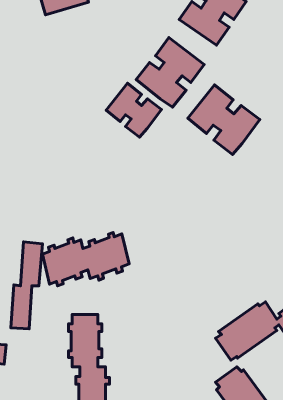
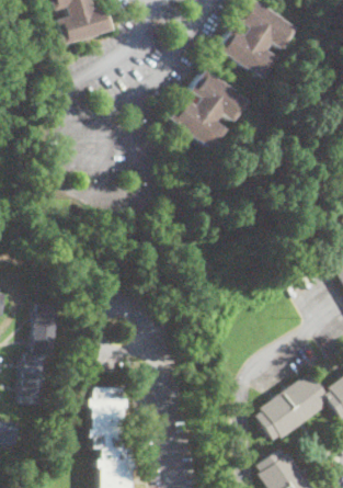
building: [106,83,161,137] -> none
building: [188,85,260,154] -> none
building: [43,232,129,286] -> none

